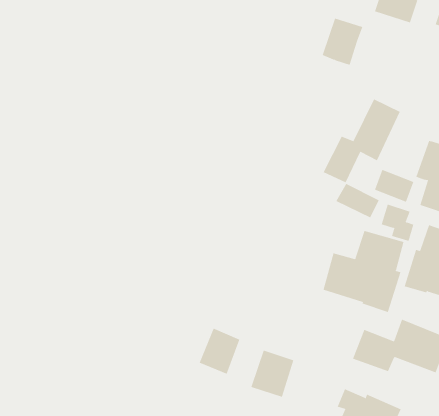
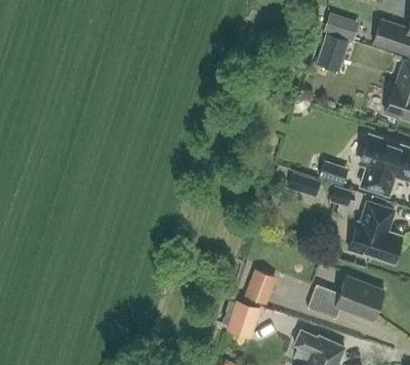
building: [322,18,363,66] -> [316,34,348,72]
building: [323,98,401,183] -> none
building: [323,230,404,313] -> none
building: [199,328,240,374] -> [244,270,277,307]

